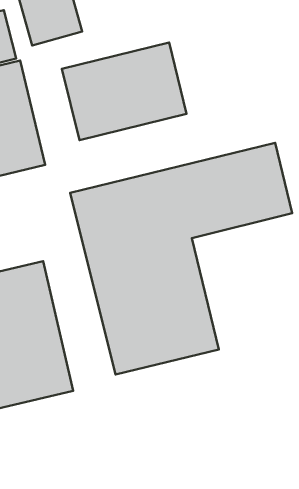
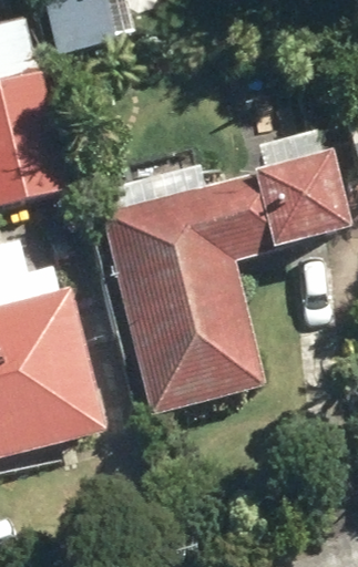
building: [62,43,186,140] -> none

